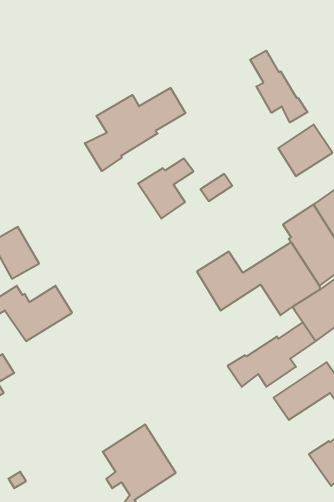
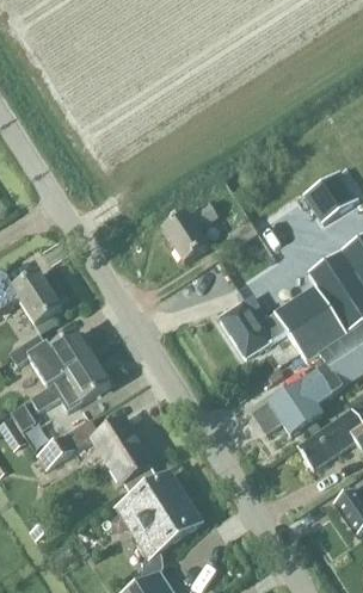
building: [250,51,307,122] -> none
building: [85,88,185,171] -> none
building: none -> [33,359,112,412]
building: none -> [38,420,154,482]

